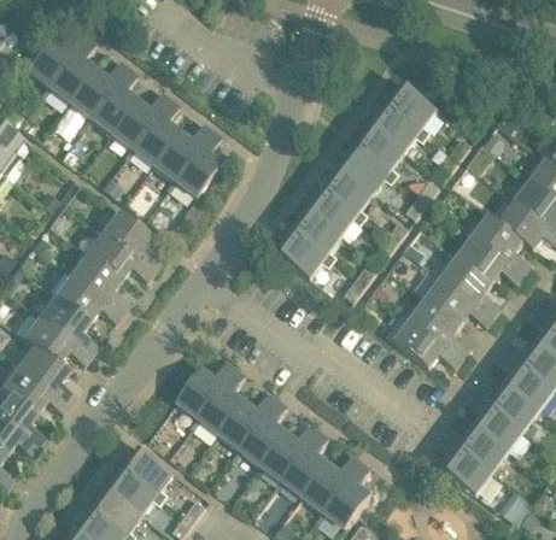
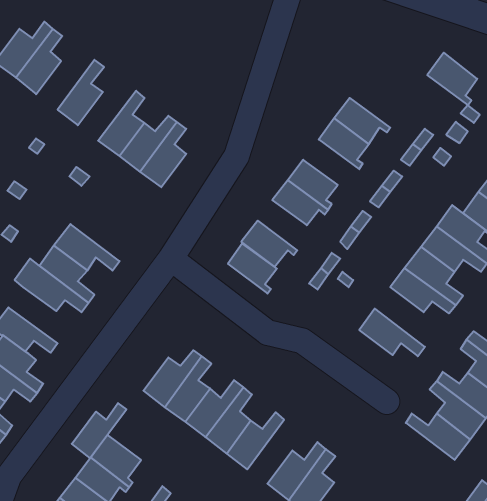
building: [68,60,127,118] -> none
building: [385,83,435,136] -> [427,53,477,105]
building: [110,92,169,149] -> none
building: [338,148,394,194] -> none
building: [292,210,341,260] -> [228,244,277,294]
building: [103,213,158,271] -> none
building: [40,298,95,354] -> none
building: [410,298,468,358] -> none
building: none -> [72,403,126,458]
building: [281,432,328,497] -> none
building: [434,435,491,494] -> none

